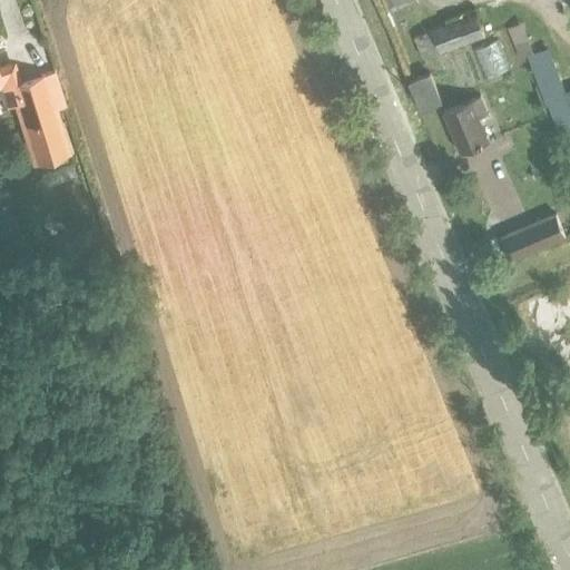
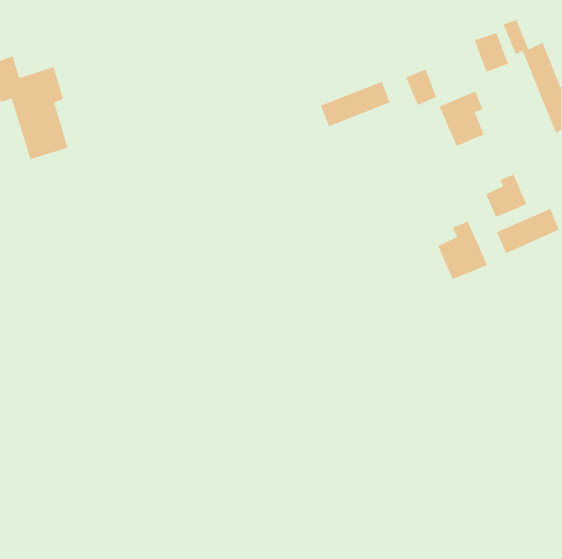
building: [413,13,484,60] -> [320,81,390,127]
building: none -> [485,173,527,218]
building: none -> [437,220,488,280]

